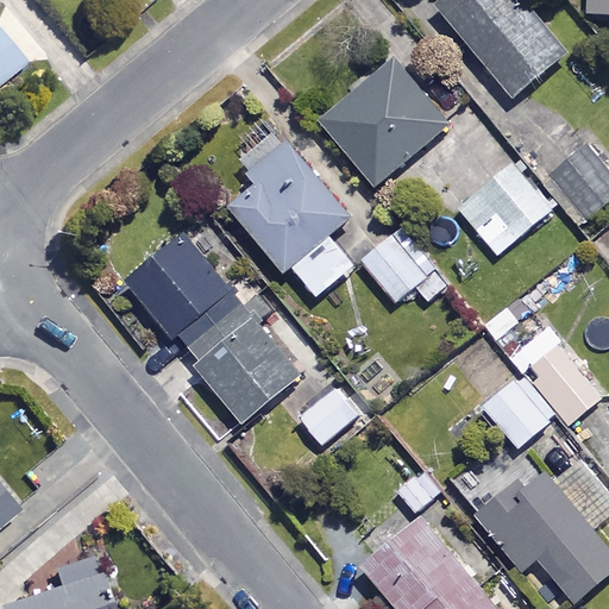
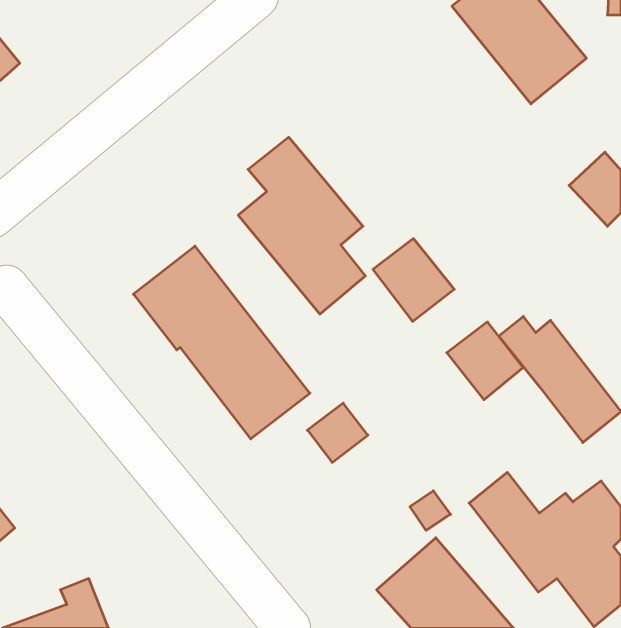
building: [319,58,448,188] -> none
building: [456,163,548,253] -> none
building: [481,372,554,447] -> [447,322,523,400]

